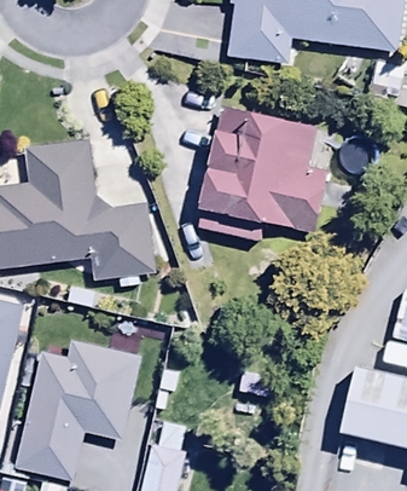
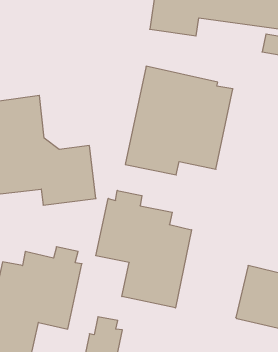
building: none -> [96,190,192,308]

